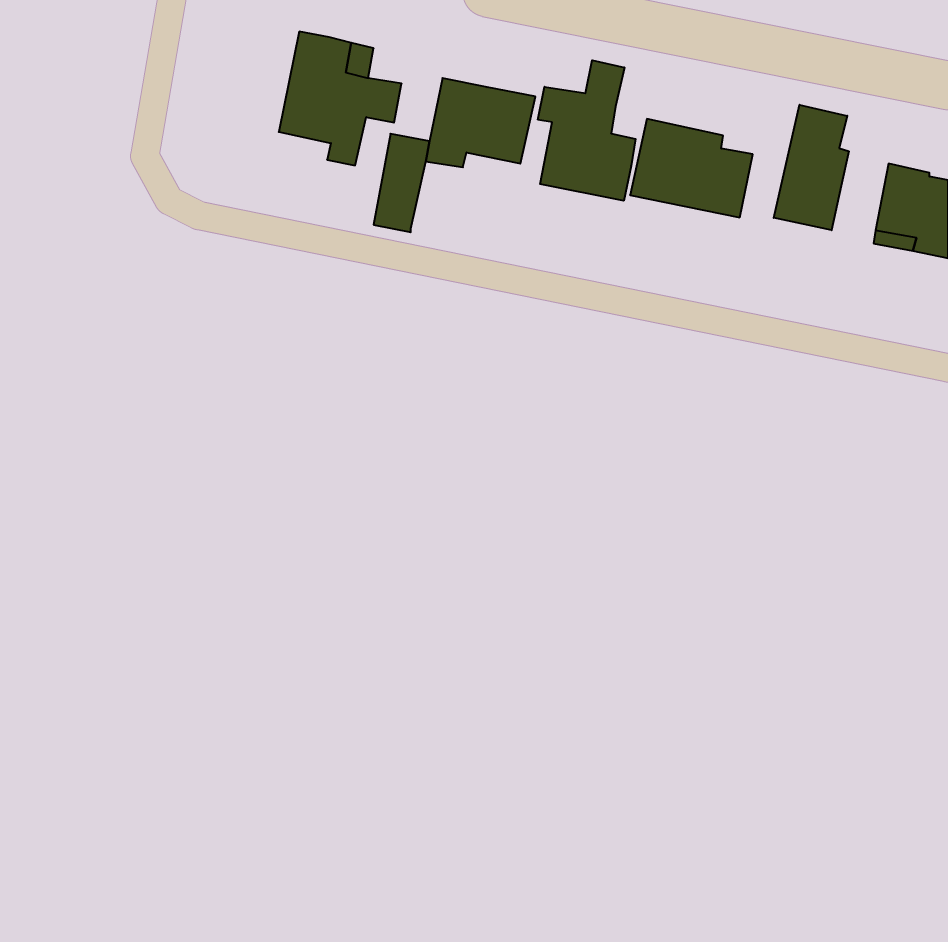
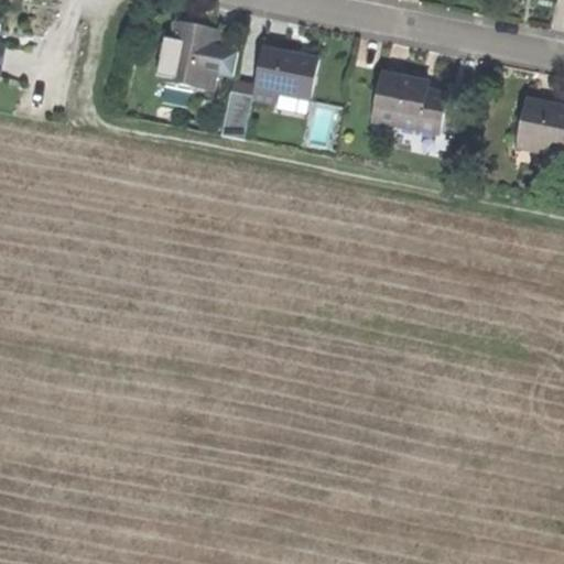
building: [538,60,636,201] -> none
building: [774,105,849,230] -> none

